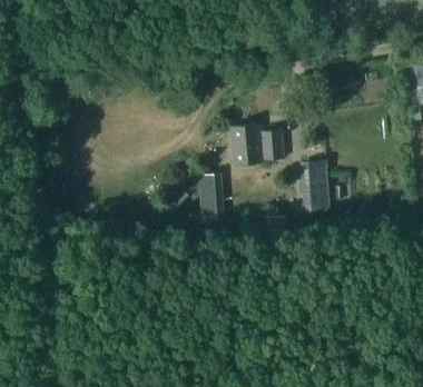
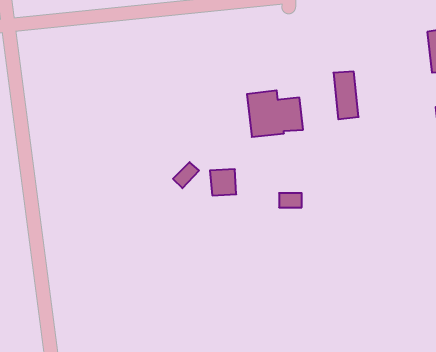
building: [307,165,331,209] -> [333,72,359,119]

